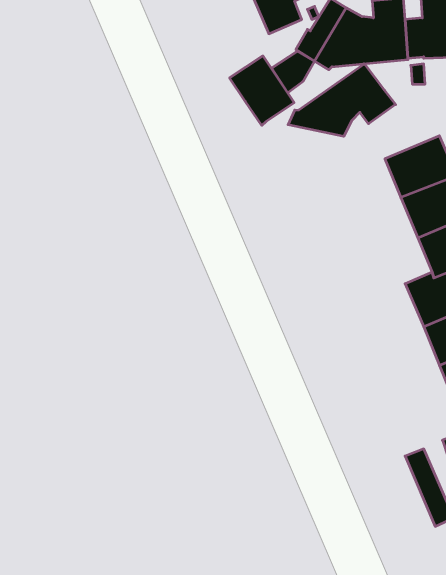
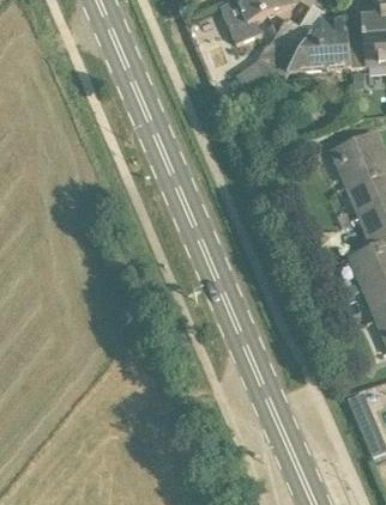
building: [230,56,294,125] -> none
building: [288,64,396,136] -> none

